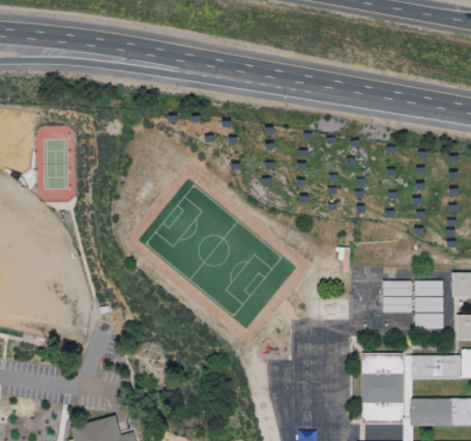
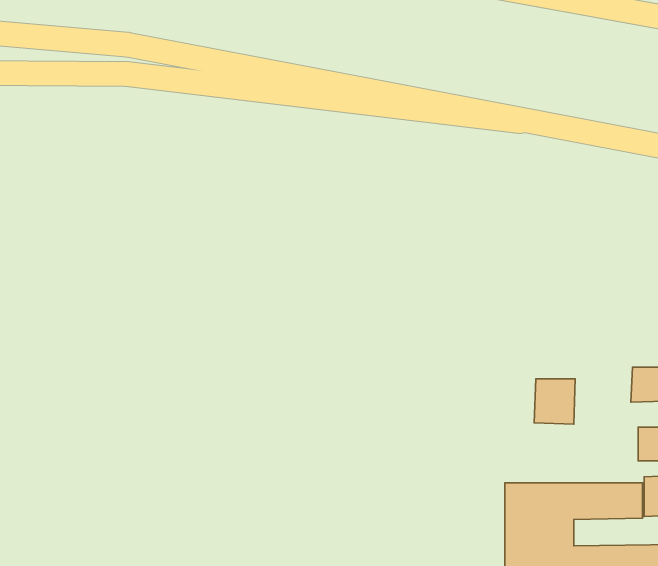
building: [414,282,443,330] -> none

